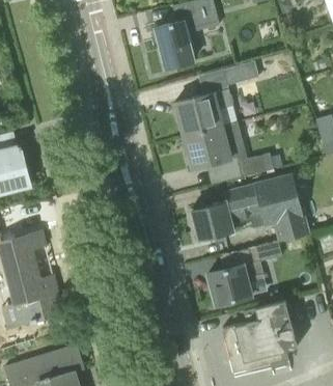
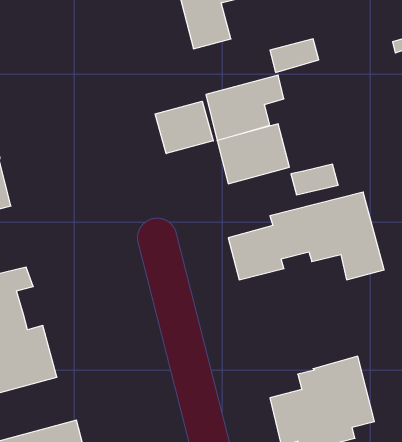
building: none -> [155,101,213,154]
building: [207,242,282,305] -> none

